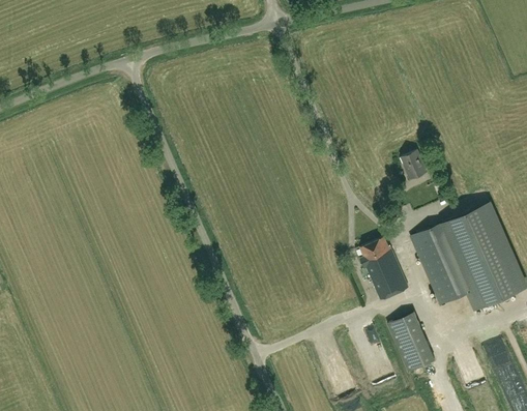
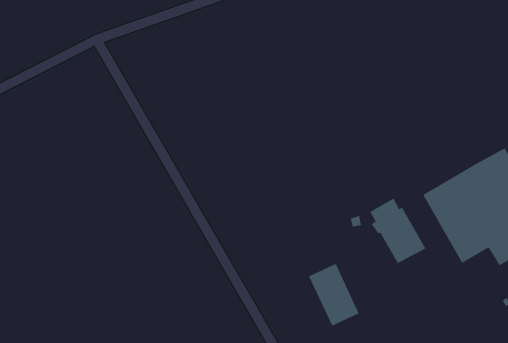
building: [401,151,427,180] -> none
building: [388,306,432,364] -> [308,263,360,327]

